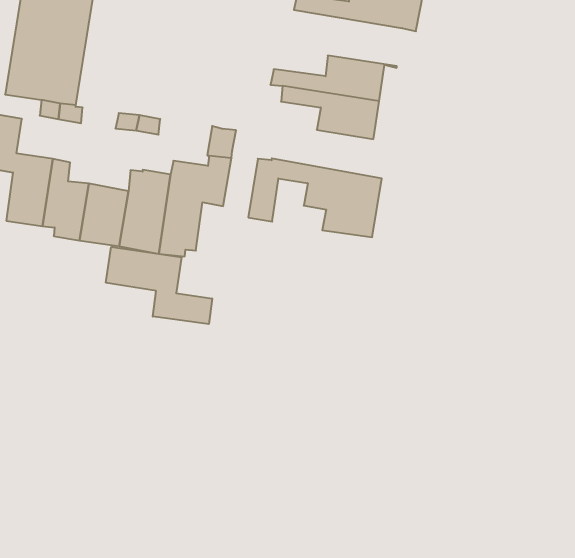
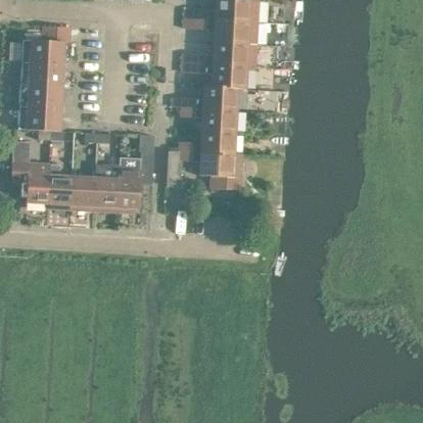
building: none -> [182,61,246,88]
building: none -> [178,130,243,154]
building: [106,247,212,324] -> none

